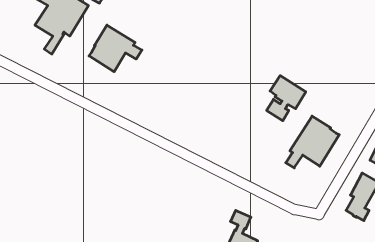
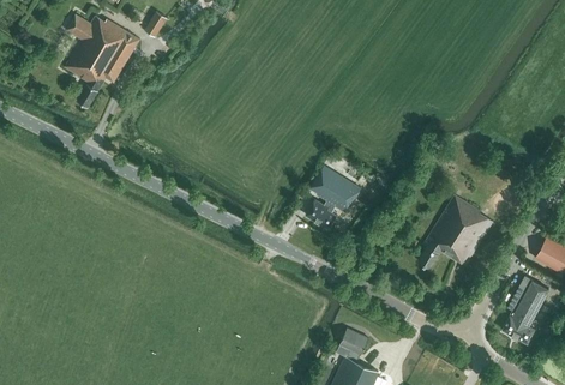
building: [89,25,142,72] -> none
building: [267,76,306,121] -> [306,166,361,229]

